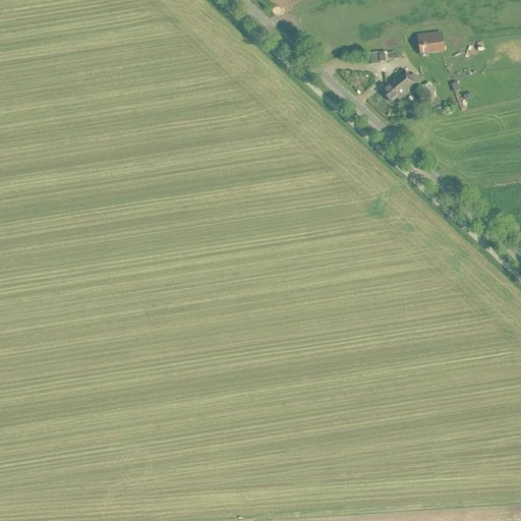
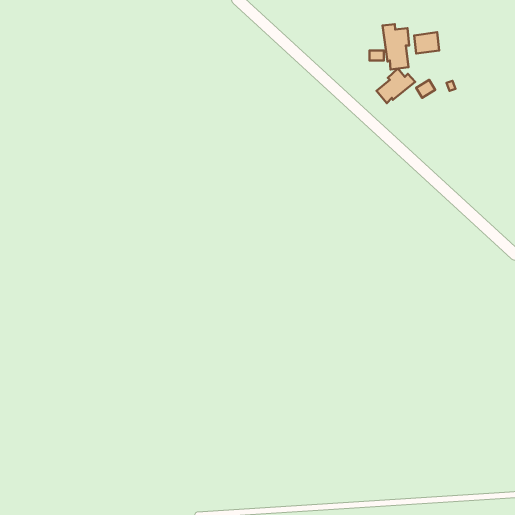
building: none -> [382,24,409,70]

